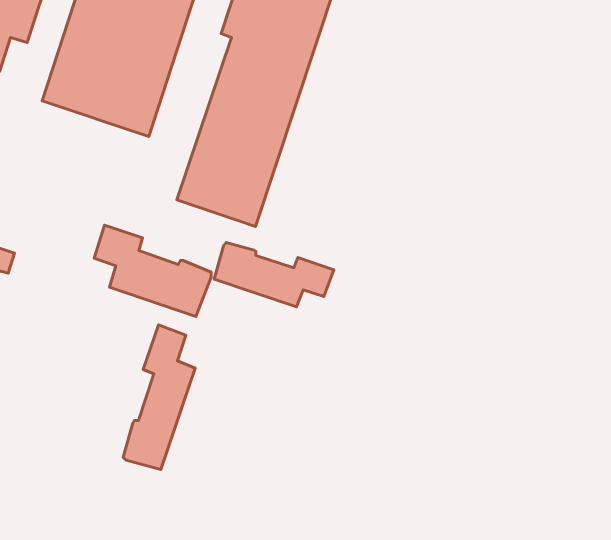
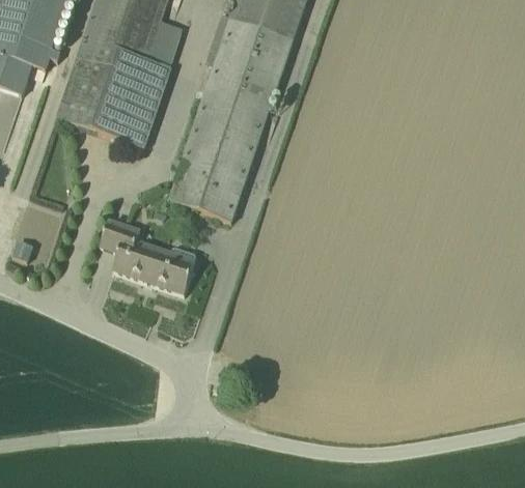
building: [214,243,334,307] -> none
building: [123,325,195,470] -> none

